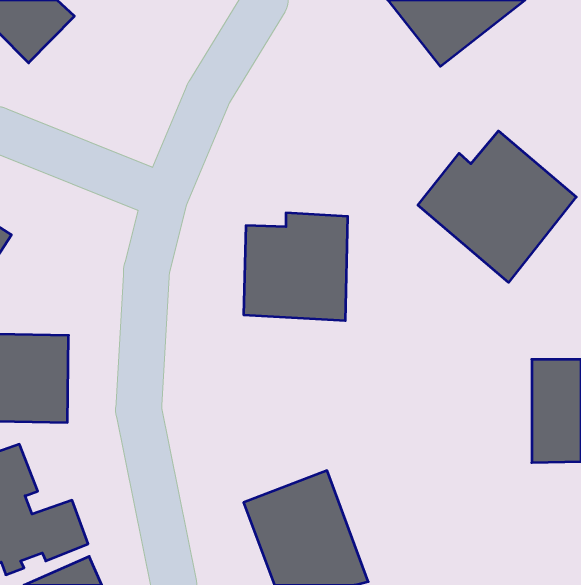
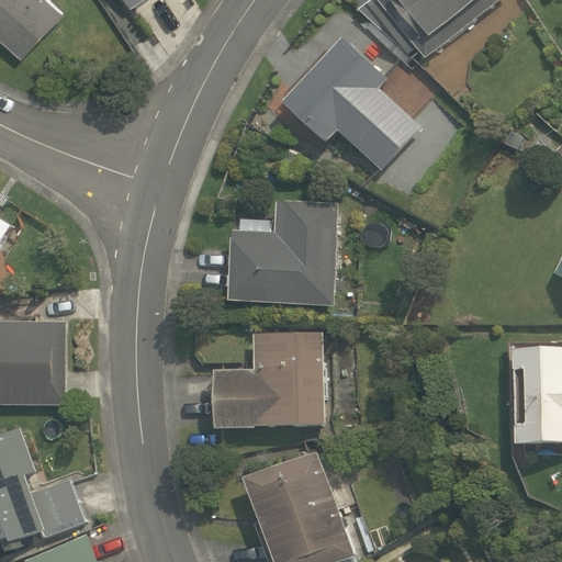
building: none -> [285,34,419,167]
building: [418,131,576,282] -> none
building: none -> [213,329,323,428]

